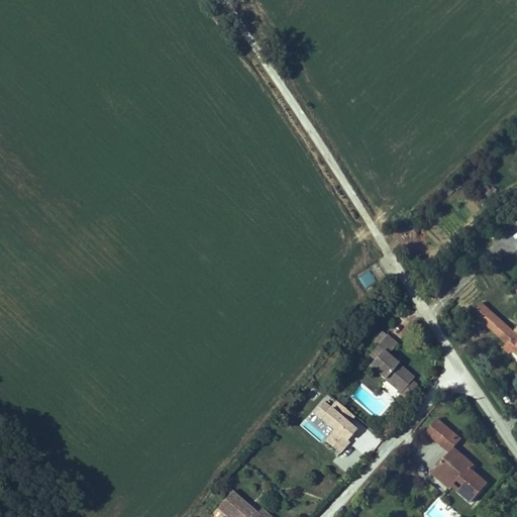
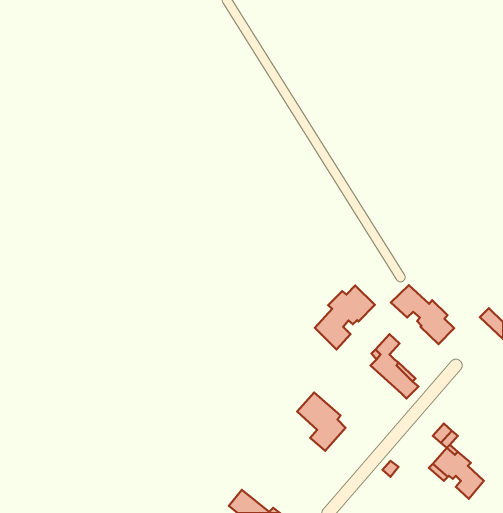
building: none -> [391,285,454,344]
building: none -> [315,286,375,349]

